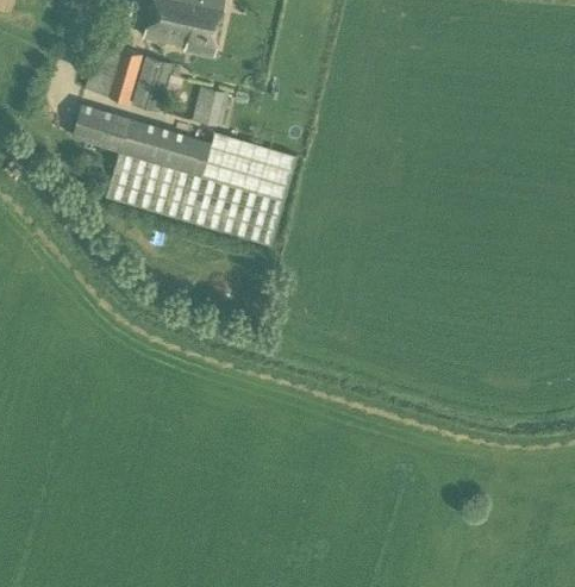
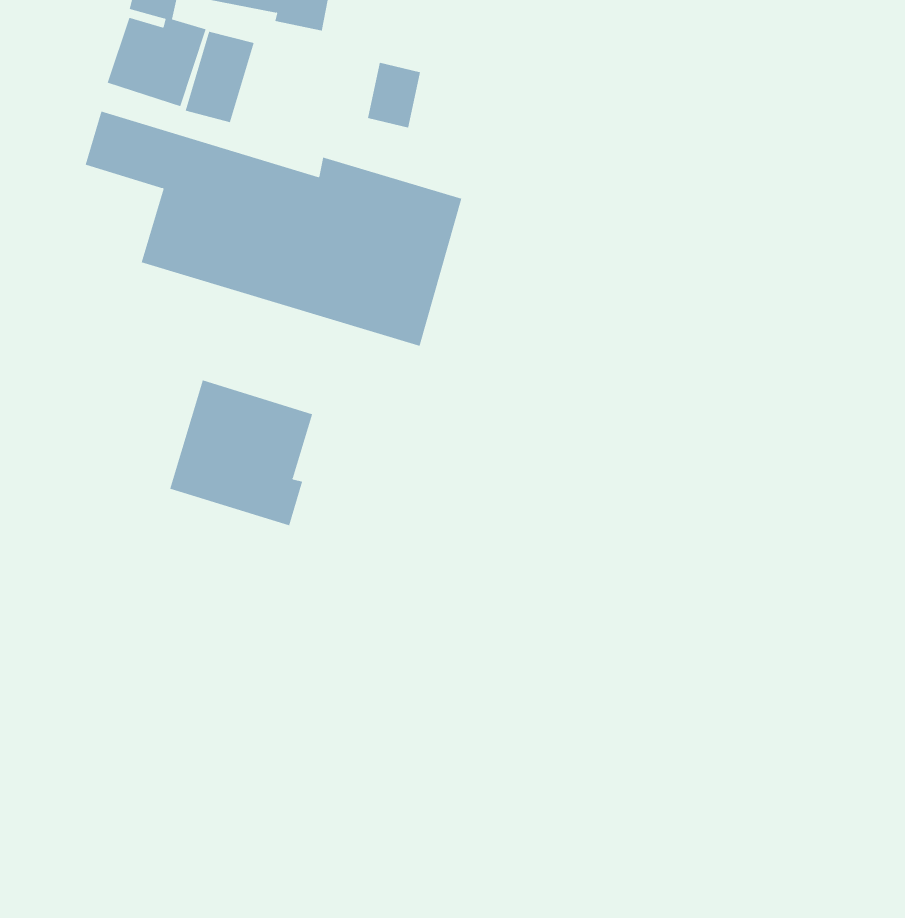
building: [193,87,225,126] -> [367,62,421,128]
building: none -> [170,379,313,526]

